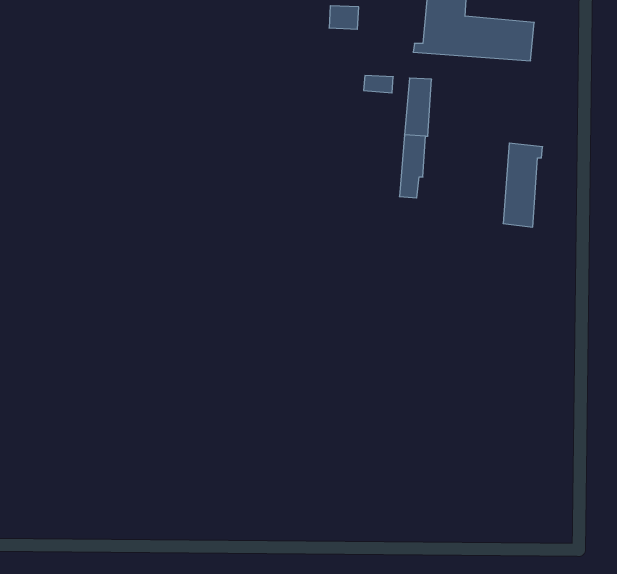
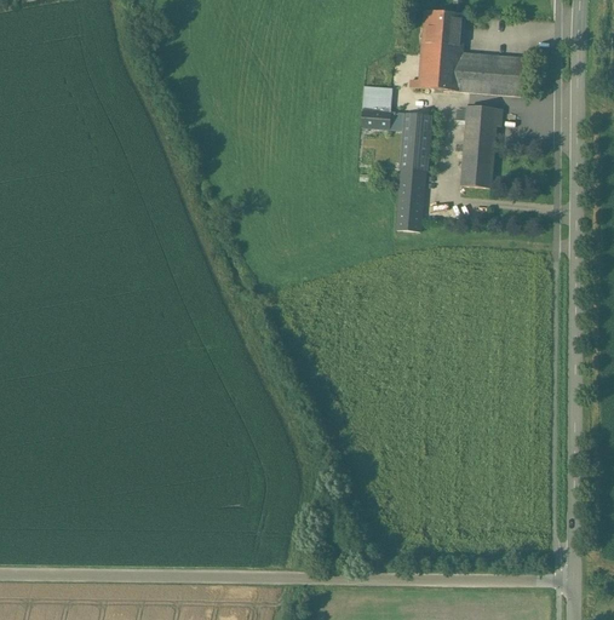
building: [329,6,359,29] -> [362,85,391,108]
building: [503,143,543,227] -> [460,104,499,186]

